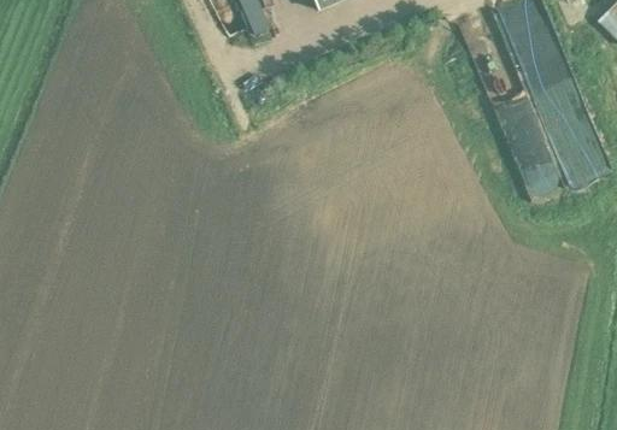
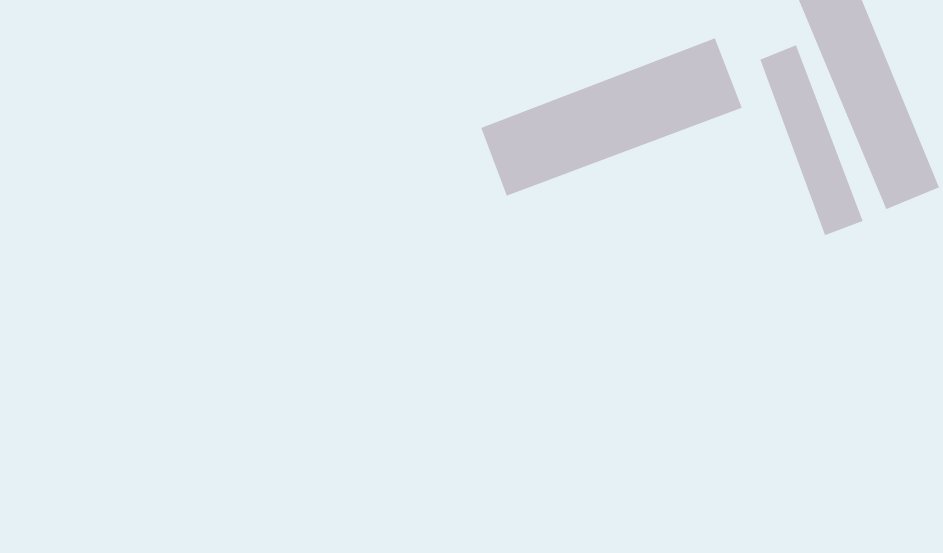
building: none -> [480,38,743,196]

